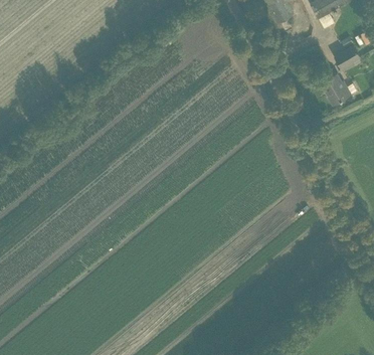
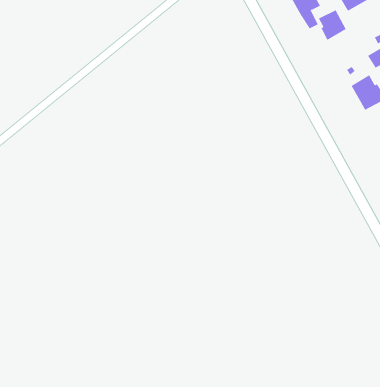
building: none -> [318,9,347,41]

